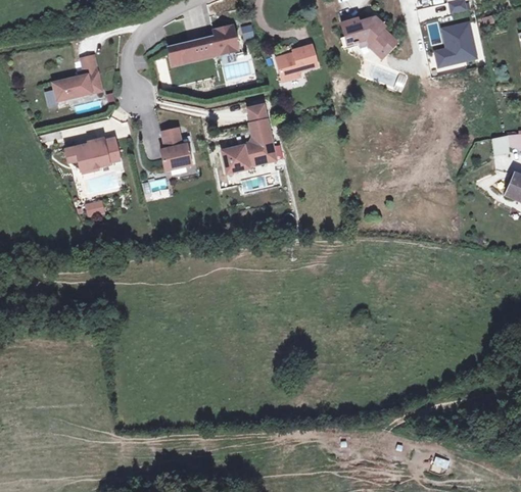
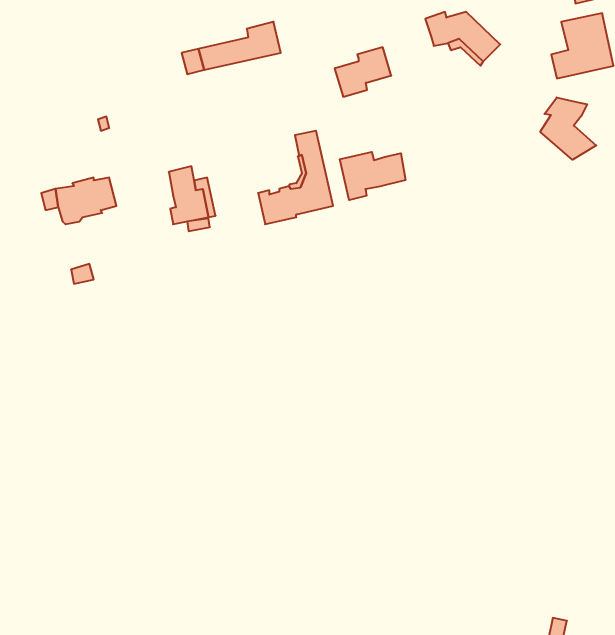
building: [53,56,101,99] -> none
building: none -> [540,97,596,160]
building: none -> [340,152,406,200]

